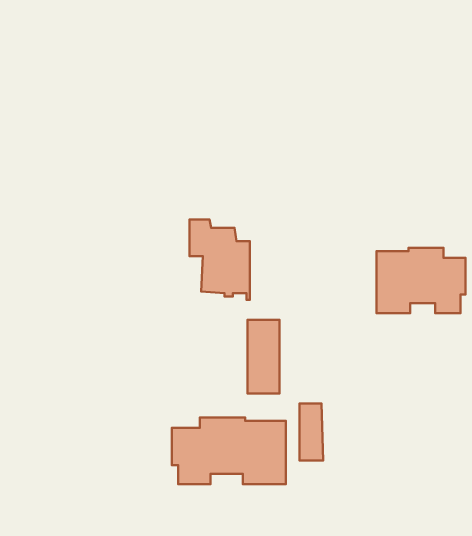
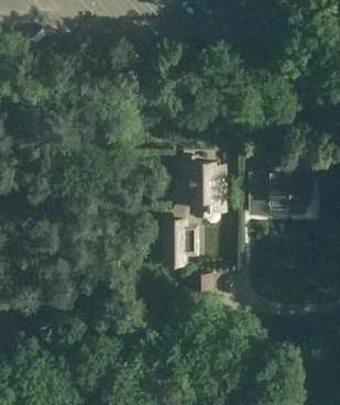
building: [189,219,250,300] -> [185,161,224,214]
building: [172,418,286,484] -> none

